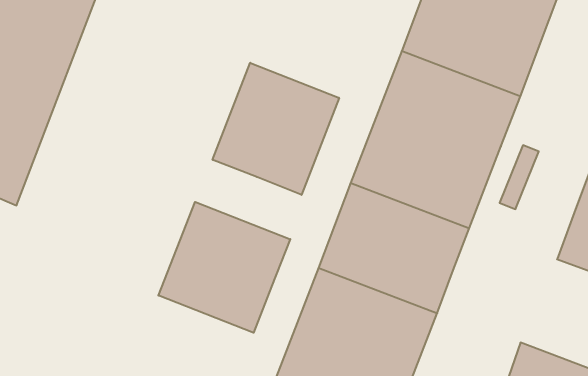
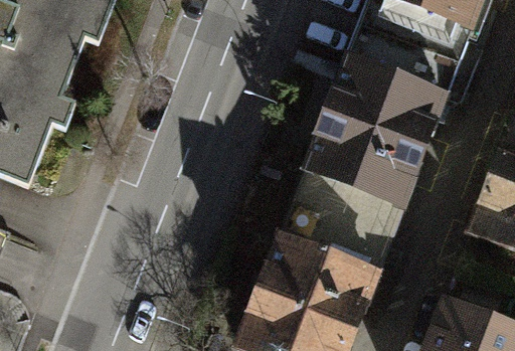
building: [213,63,339,195] -> none
building: [158,202,290,333] -> none

